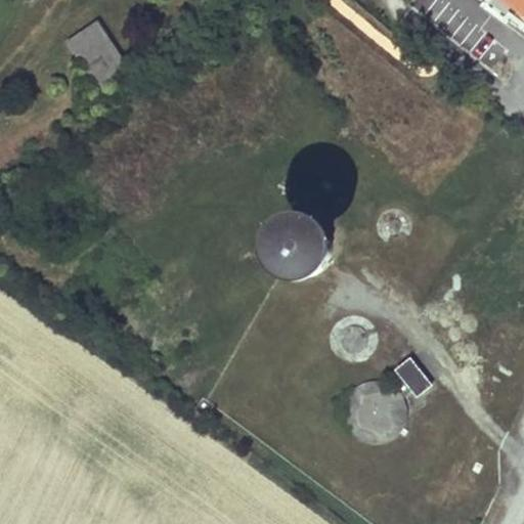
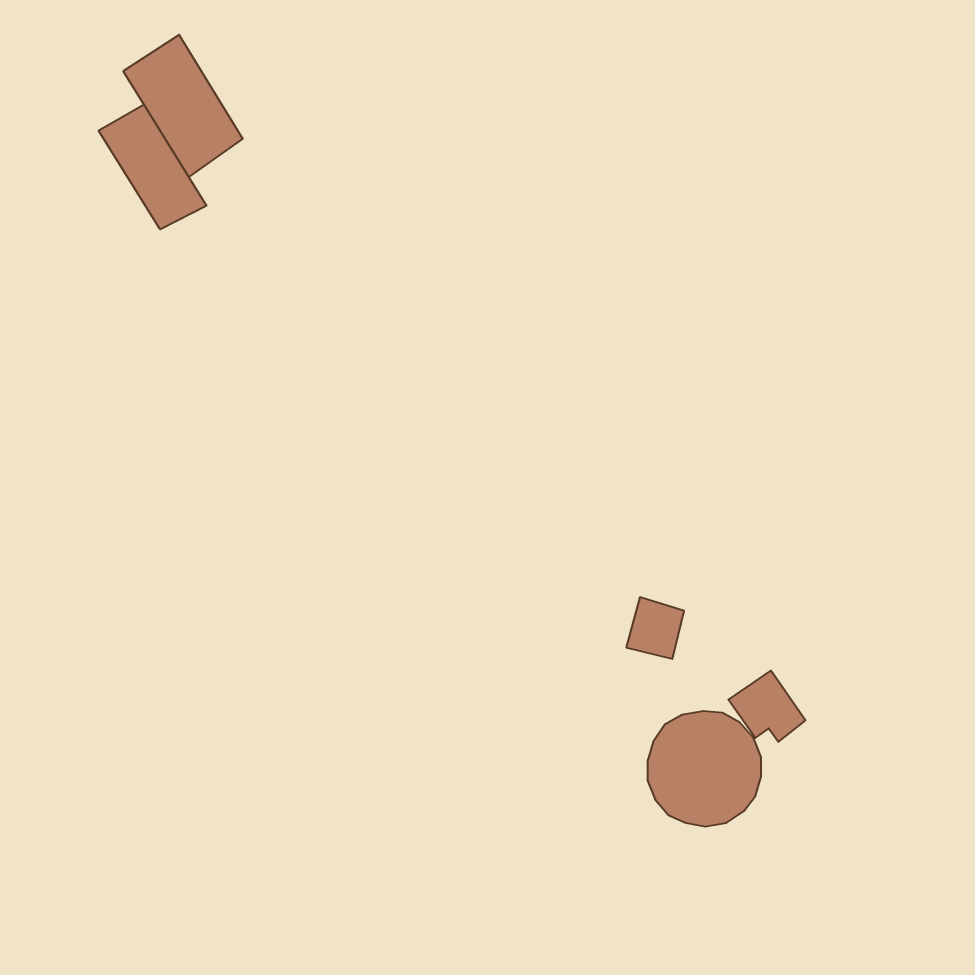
building: none -> [99,105,206,229]
building: [272,216,329,272] -> none

